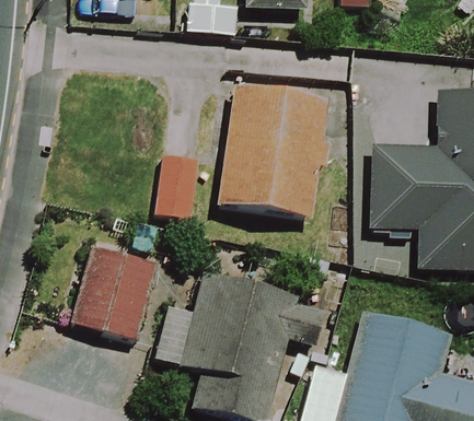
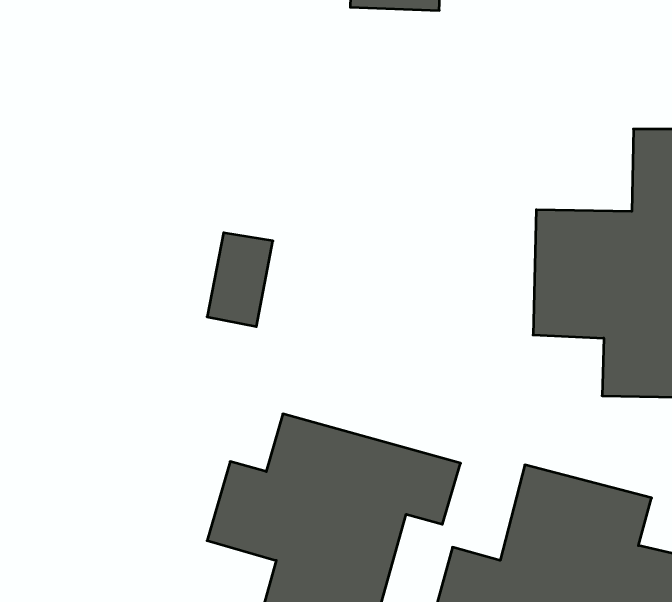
building: [218,85,330,215] -> none
building: [74,246,154,339] -> none

